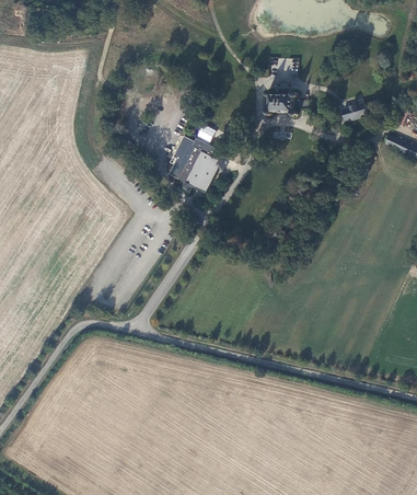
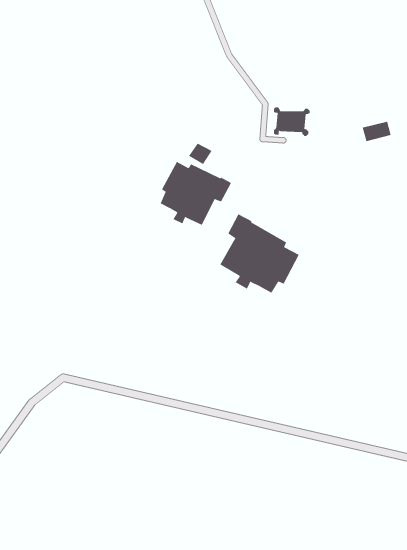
building: none -> [219,214,300,293]

